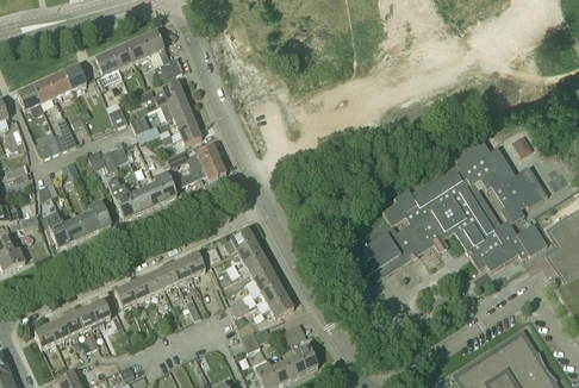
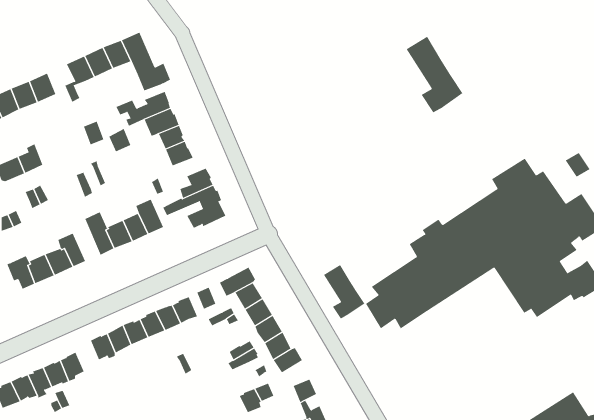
building: none -> [406,36,463,113]
building: none -> [323,264,365,319]

